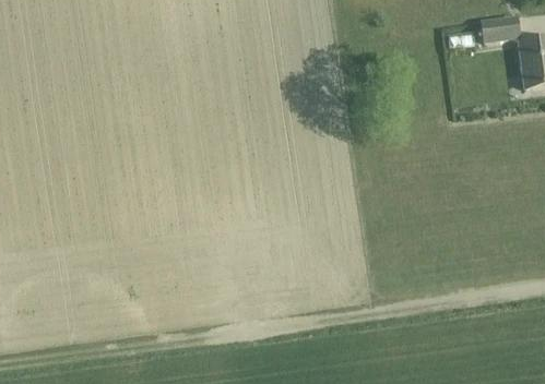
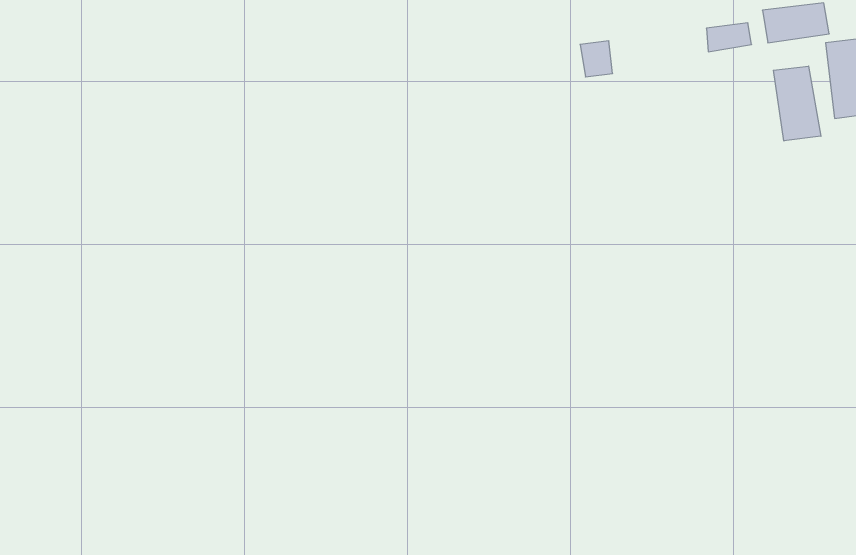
building: none -> [773,66,821,141]

